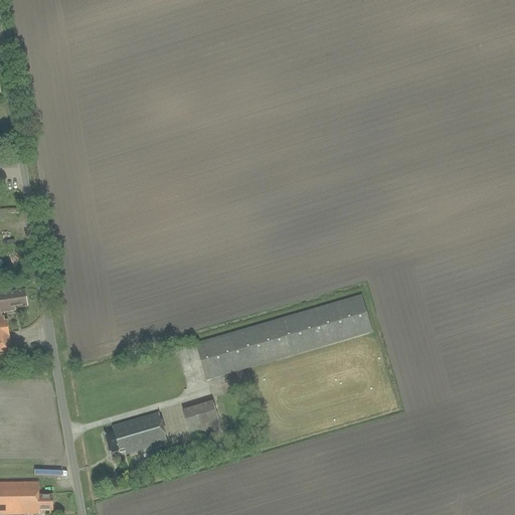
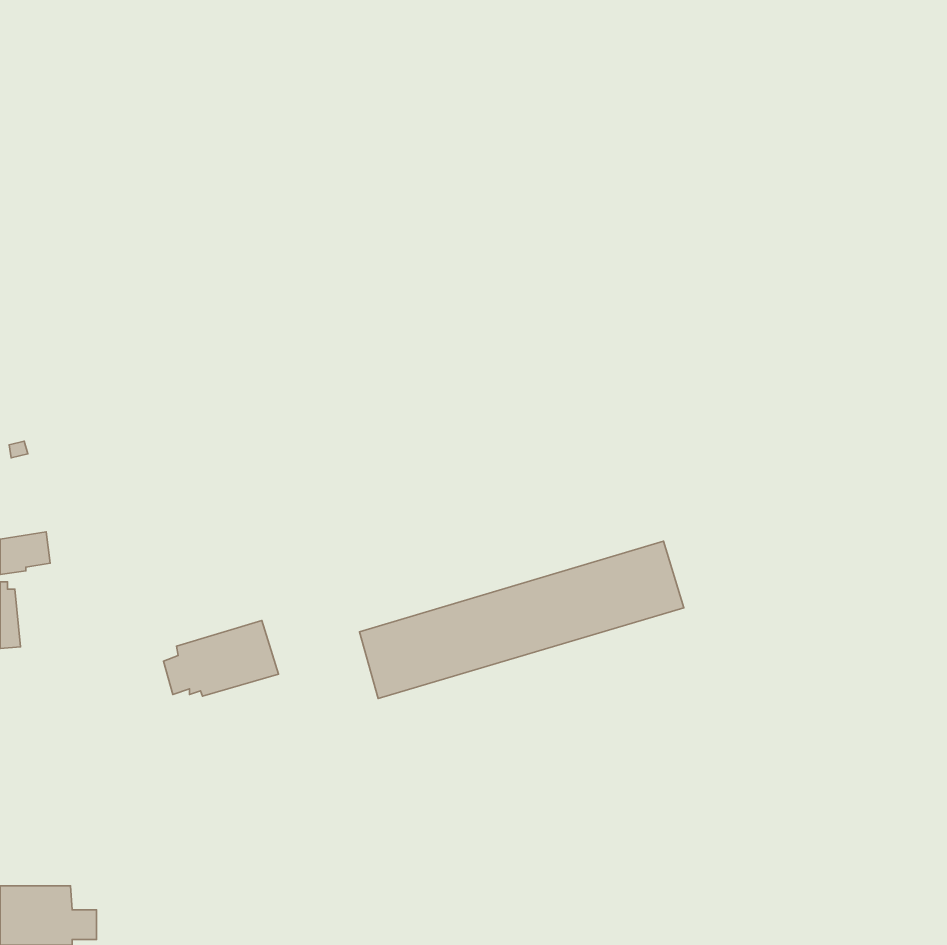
building: [183,403,221,442] -> none
building: [105,412,167,454] -> [163,620,278,696]

